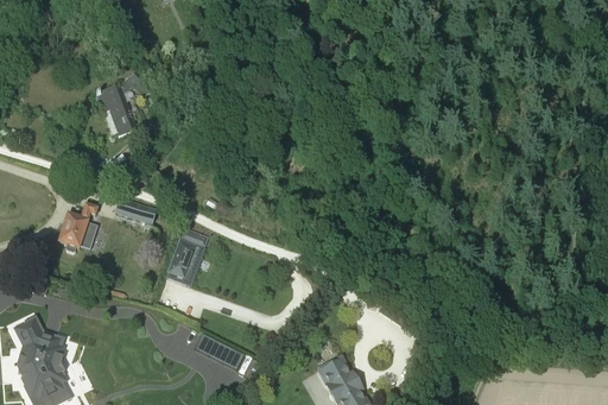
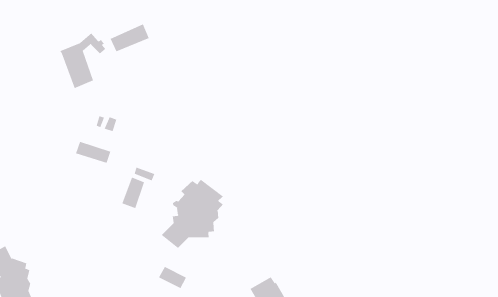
building: none -> [110,24,149,52]
building: [58,203,97,252] -> none
building: none -> [161,179,224,249]

